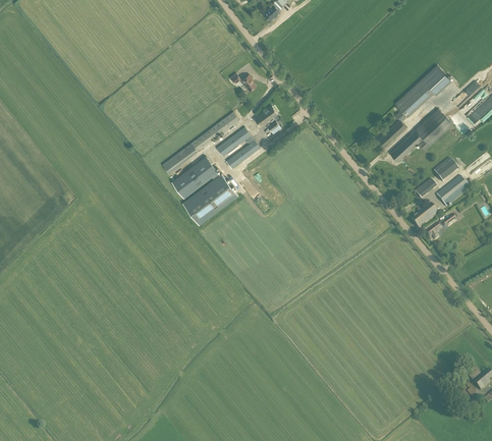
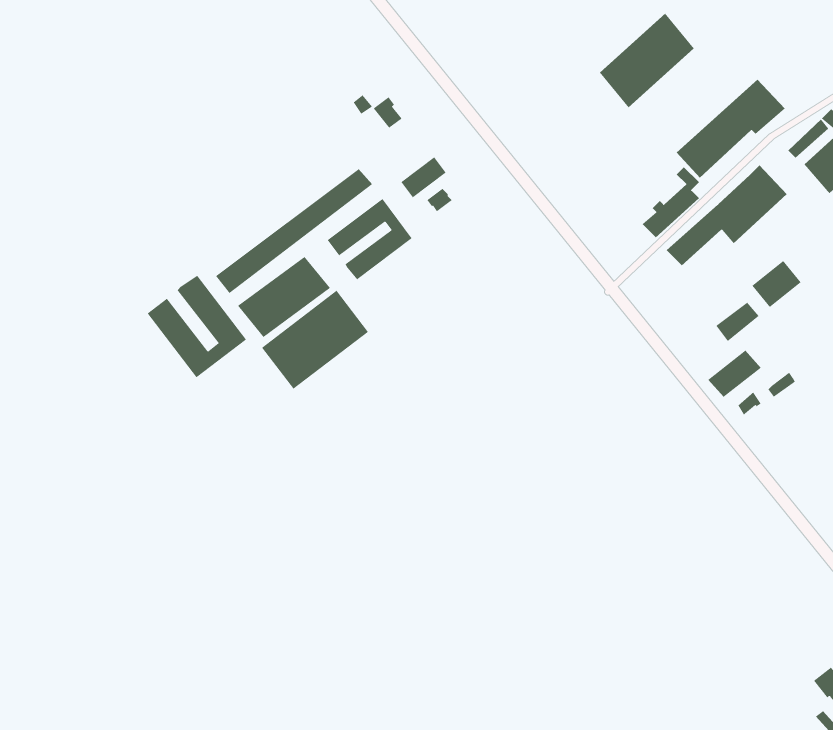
building: none -> [599,13,695,108]
building: none -> [147,275,247,378]
building: [436,174,471,207] -> none

